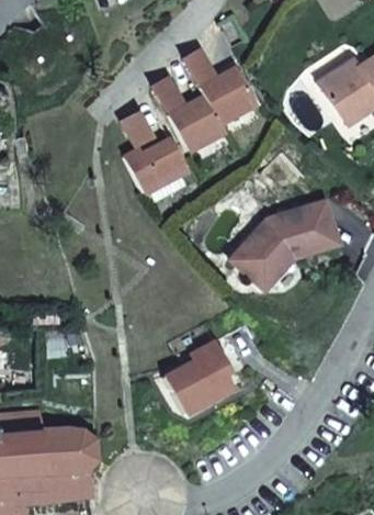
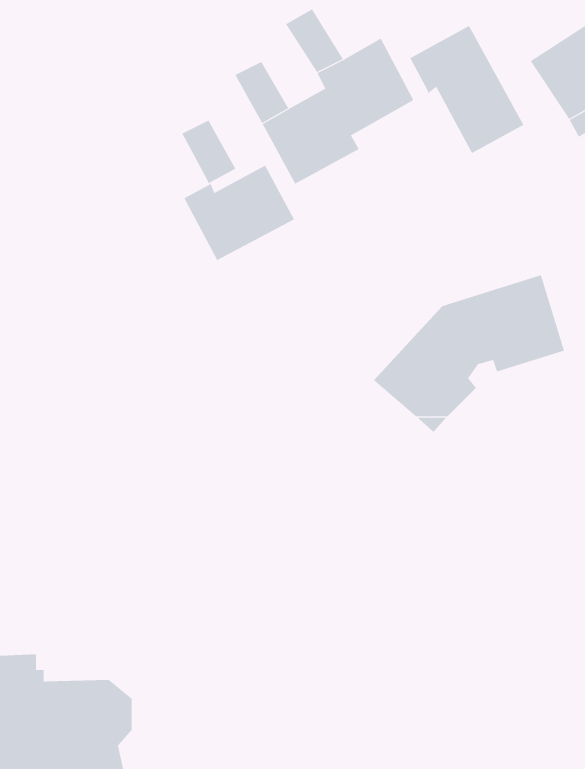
building: none -> [409,25,524,154]
building: [165,342,234,413] -> none

